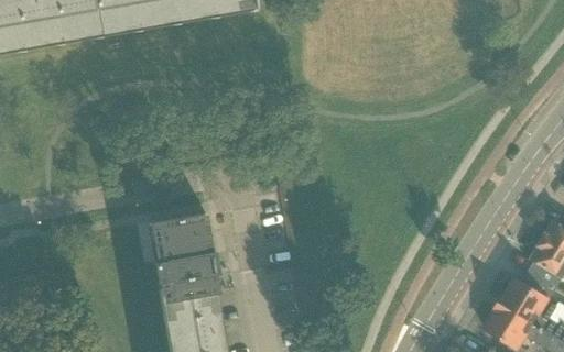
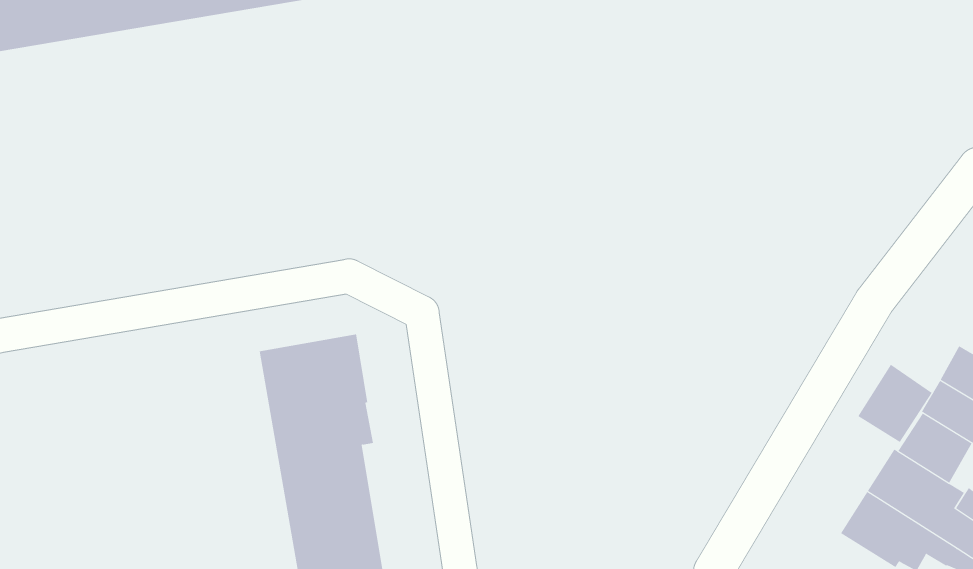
building: none -> [857,364,932,443]

